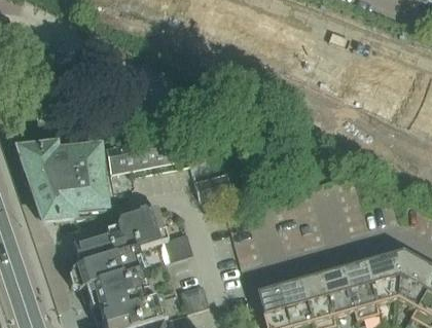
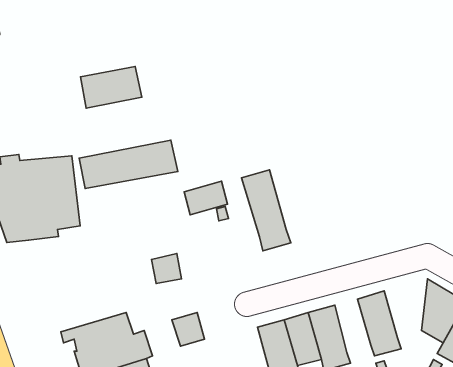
building: none -> [81,67,142,108]
building: none -> [242,170,291,251]
building: [68,204,163,295] -> none
building: [364,250,401,300] -> none
building: [322,267,353,313] -> none

